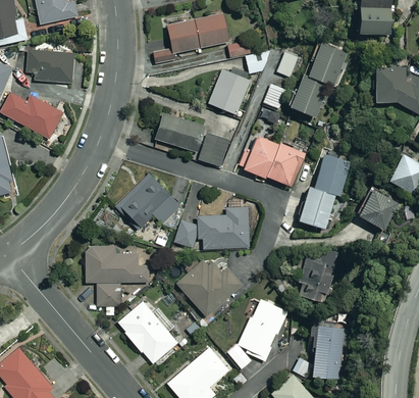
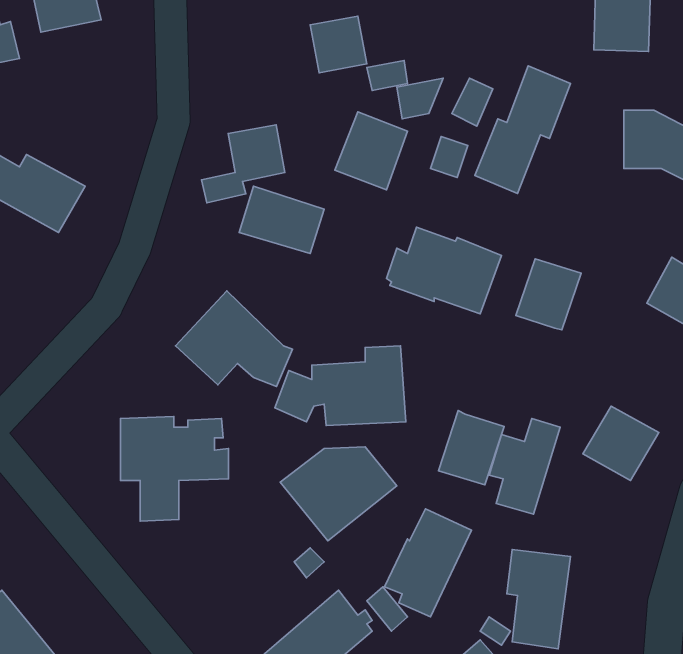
building: [152,20,200,65] -> [202,125,285,203]
building: [25,50,73,84] -> none
building: [198,134,228,166] -> none
building: [298,186,335,229] -> [439,410,504,485]
building: [356,188,400,231] -> [583,406,659,480]
building: [117,301,177,364] -> none

